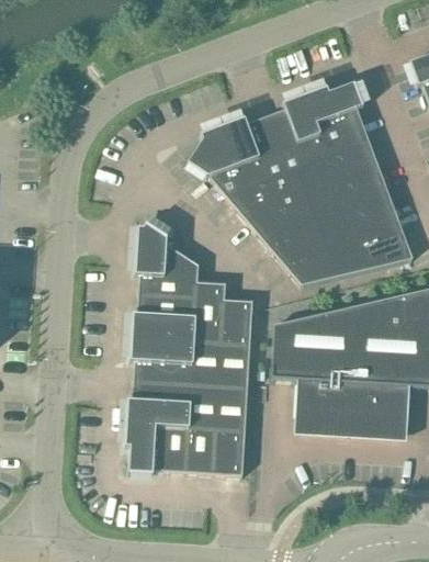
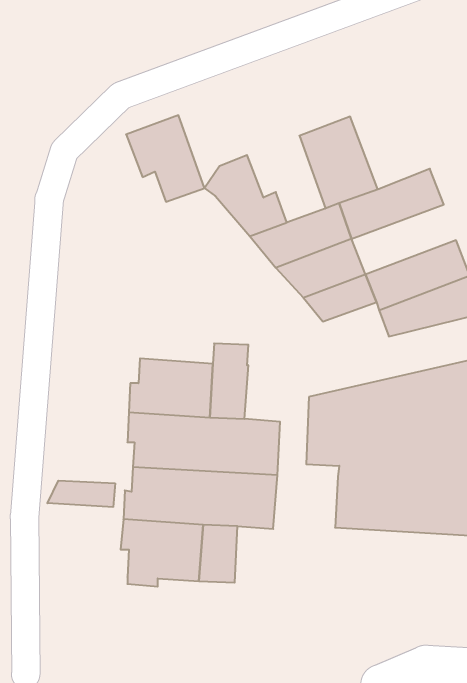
building: [306,86,370,159] -> none
building: [224,116,286,186] -> [126,115,204,202]
building: [307,171,391,227] -> none
building: [133,224,199,299] -> none
building: [284,249,337,284] -> none
building: [222,300,252,345] -> none
building: none -> [47,481,115,507]
building: [214,428,245,475] -> none

